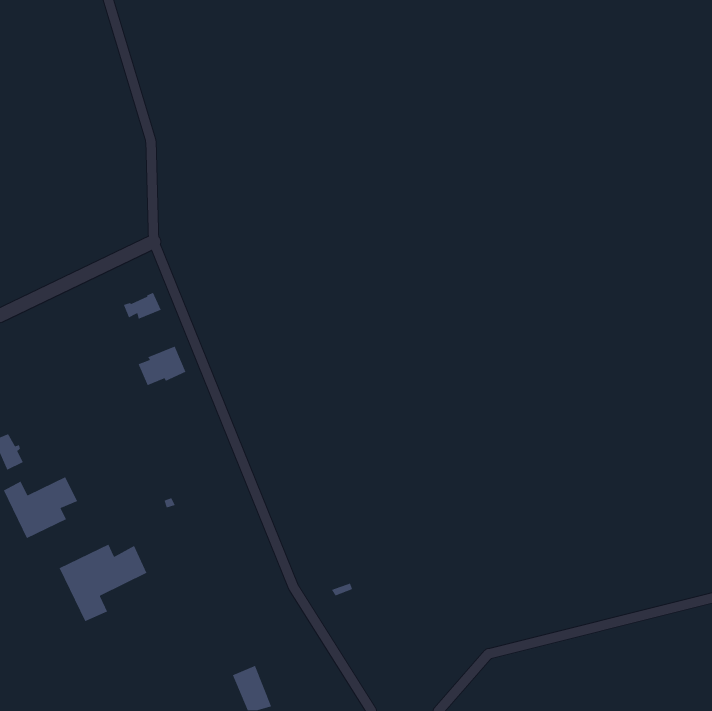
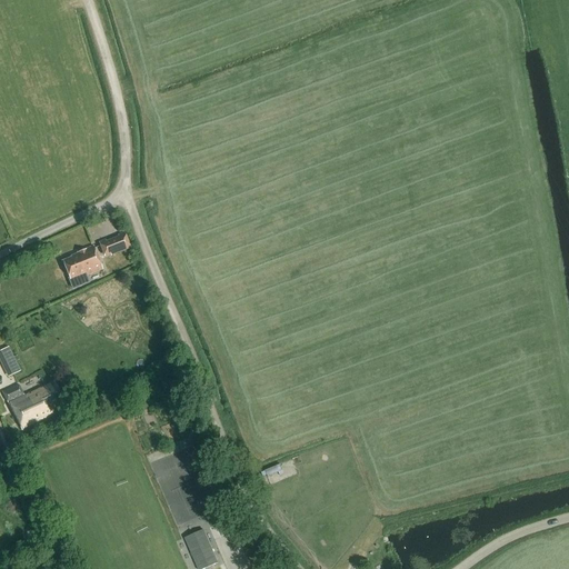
building: [137,346,186,386] -> [62,246,101,278]
building: [58,543,148,622] -> none

